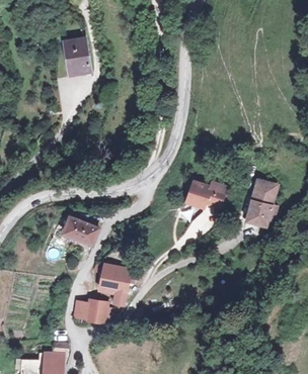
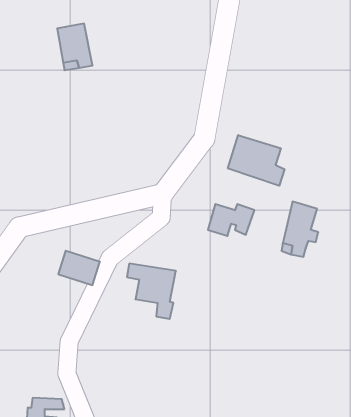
building: none -> [228,135,284,186]
building: [92,261,133,306] -> [127,264,176,319]
building: [74,298,112,320] -> none

